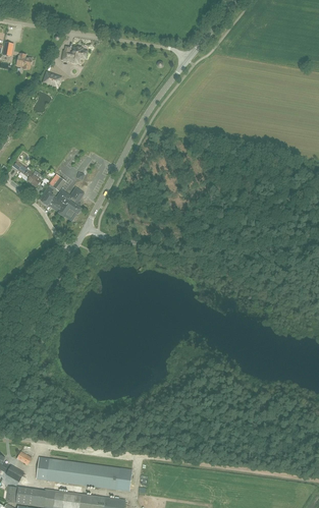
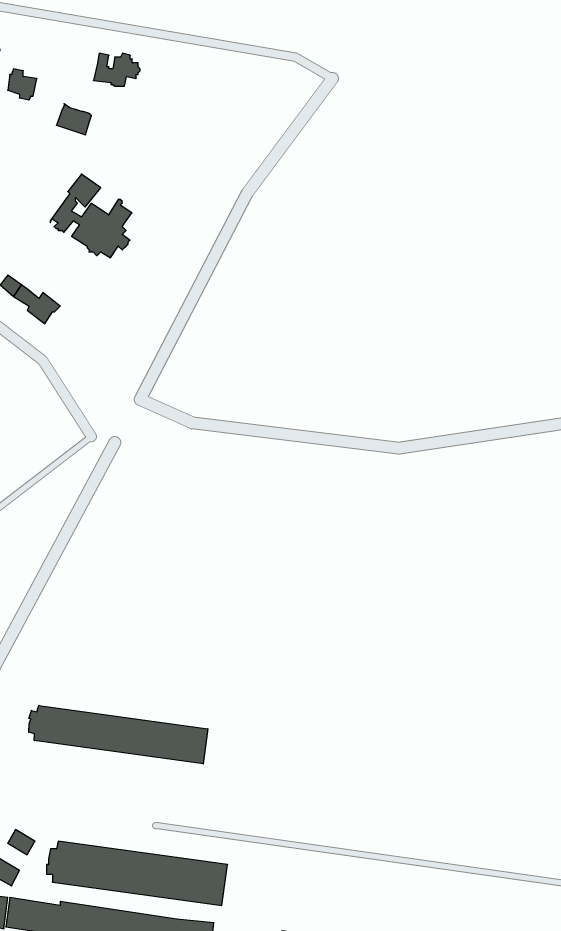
building: [40,174,83,218] -> [50,174,132,258]
building: none -> [29,705,208,764]

